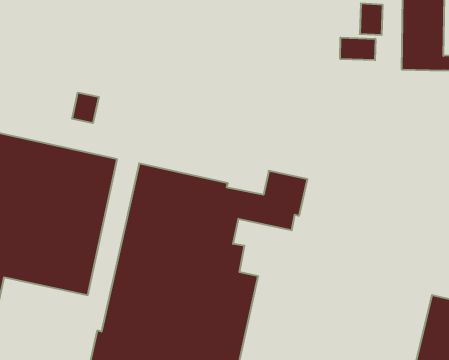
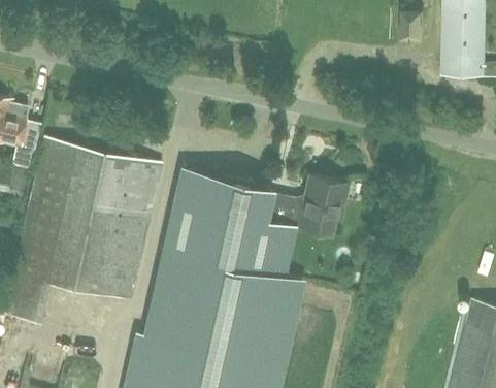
building: [340,37,375,60] -> none
building: [72,93,99,123] -> none

